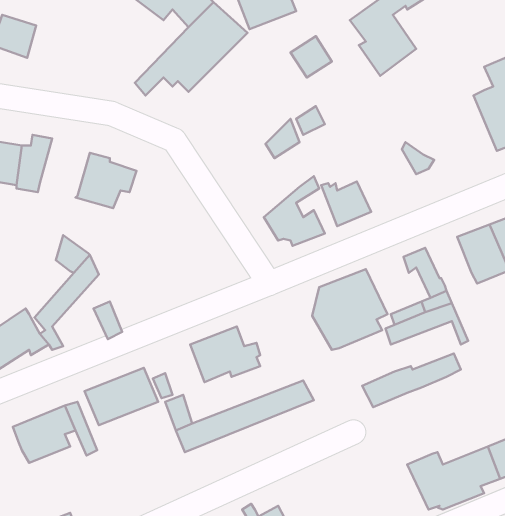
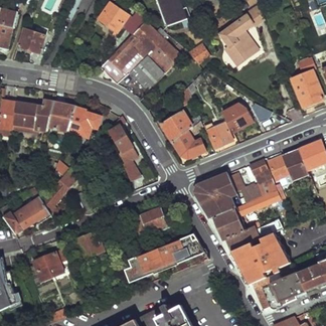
building: none -> [130,39,182,91]
building: none -> [46,99,74,131]
building: none -> [219,100,255,133]
building: none -> [161,111,192,143]
building: none -> [109,117,141,182]
building: none -> [263,154,289,181]
building: none -> [214,205,246,238]
building: none -> [230,232,288,284]

